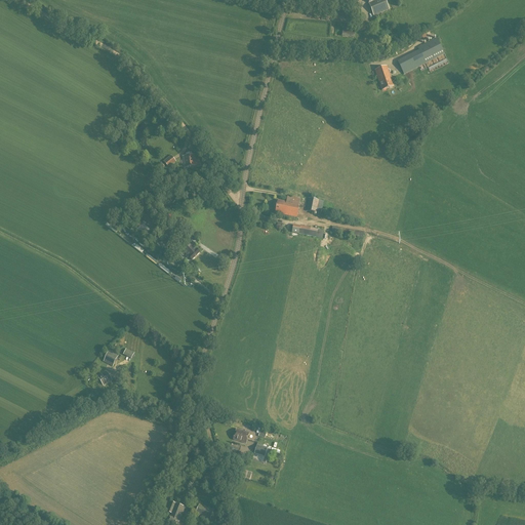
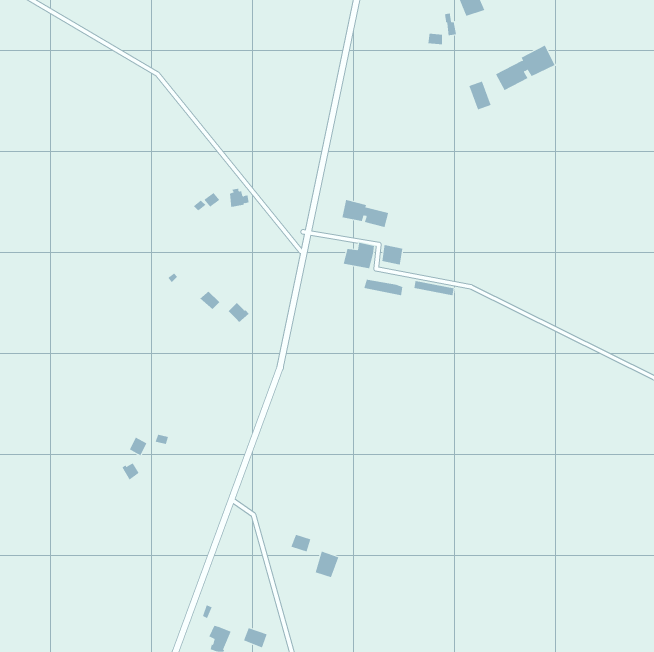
building: none -> [342,199,389,228]

